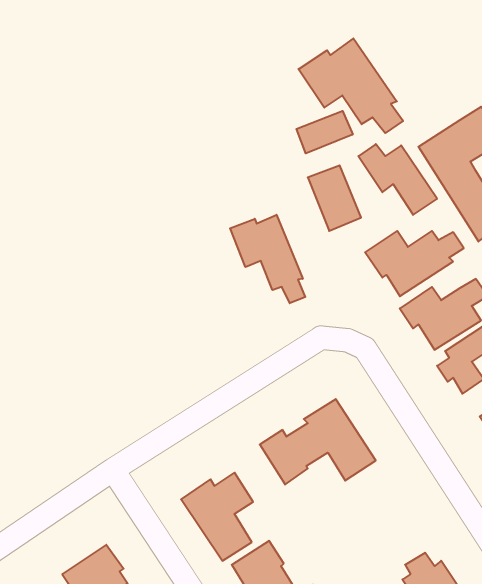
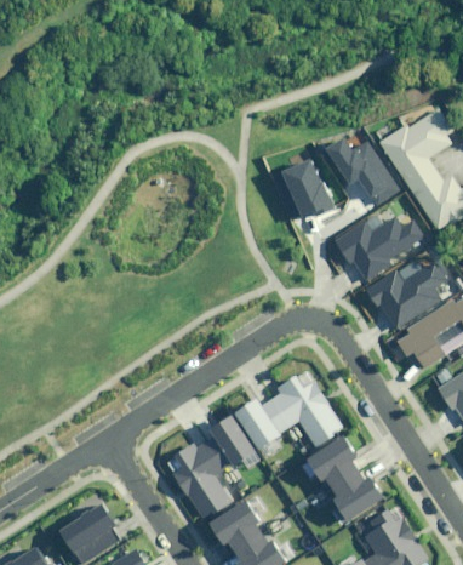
building: [298,38,403,133] -> none
building: [296,111,353,153] -> none
building: [230,215,305,303] -> none
building: none -> [211,418,261,472]
building: none -> [301,438,393,524]

